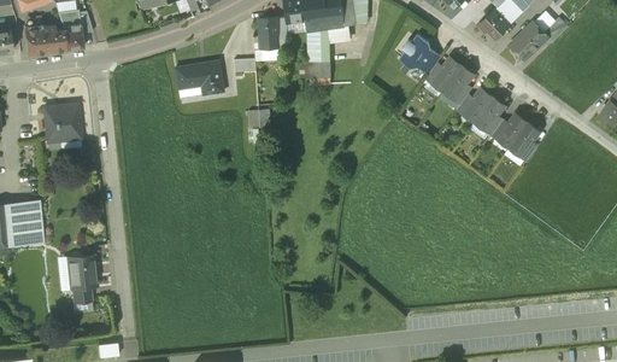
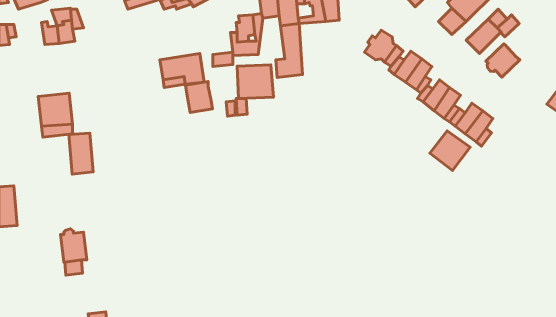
building: [23,24,49,54] -> none
building: none -> [486,44,520,77]
building: none -> [237,65,274,99]
building: none -> [185,81,213,112]
building: none -> [430,131,470,170]
building: [16,204,42,249] -> [69,133,93,174]

